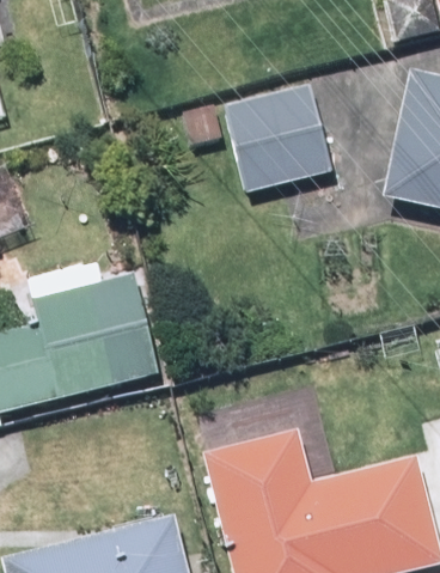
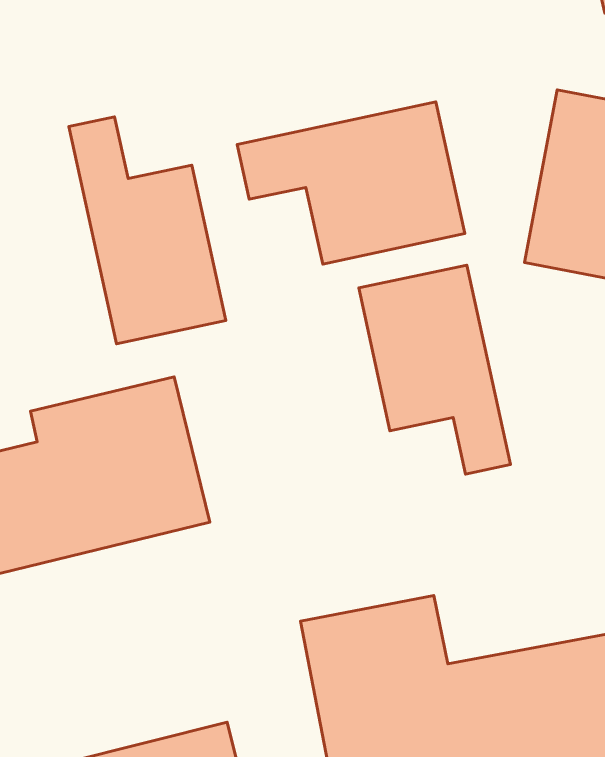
building: none -> [69,117,226,344]
building: none -> [359,265,510,474]

